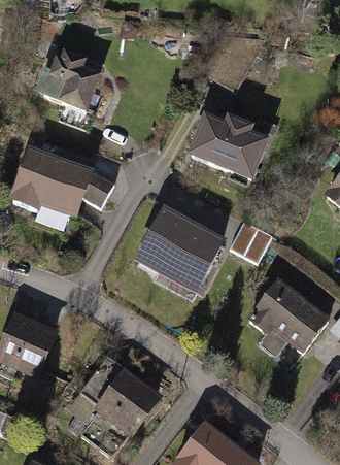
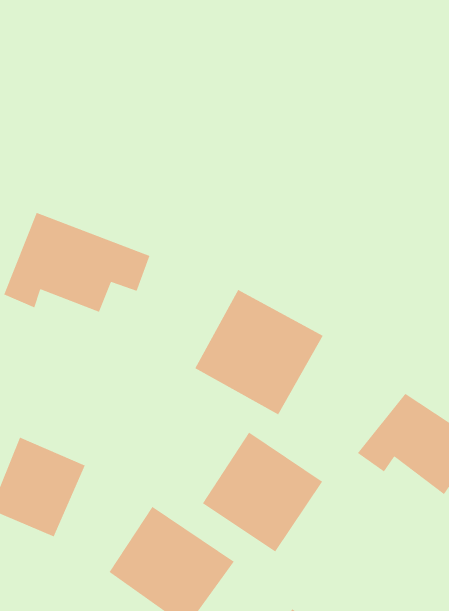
building: [36,46,109,127] -> none
building: [189,113,270,179] -> none
building: none -> [202,431,323,552]

